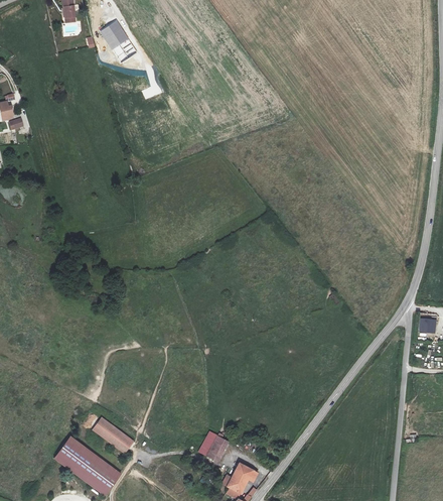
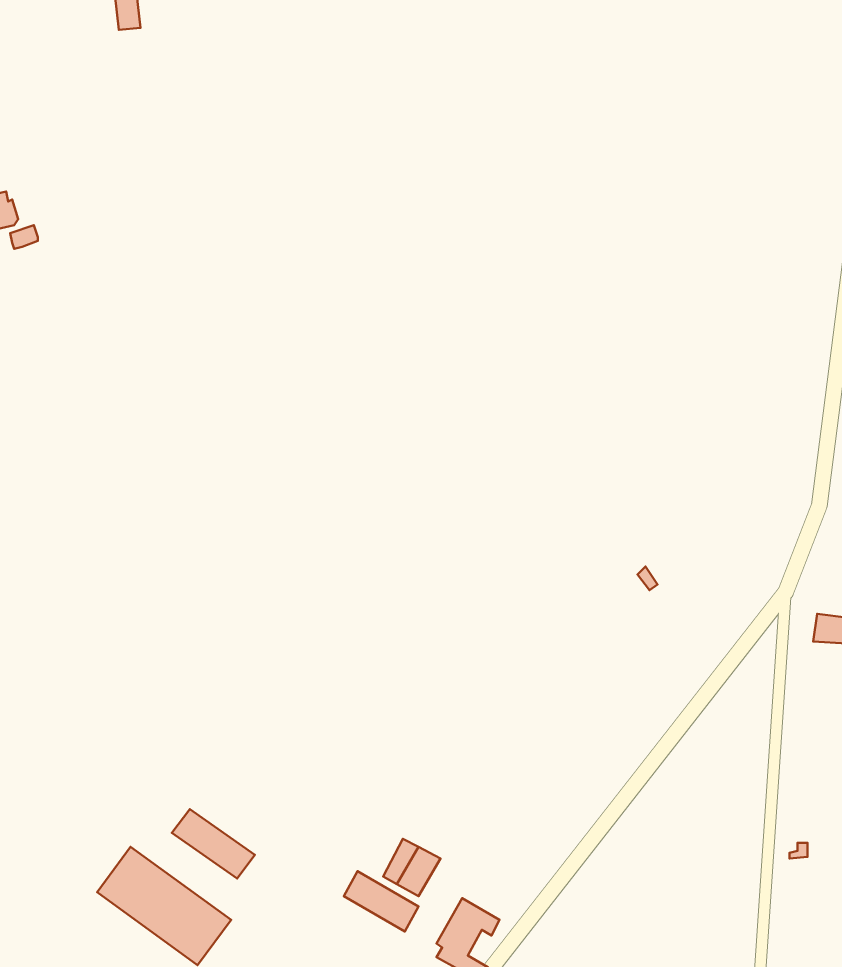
building: [101,20,137,61] -> none
building: none -> [344,871,418,932]

